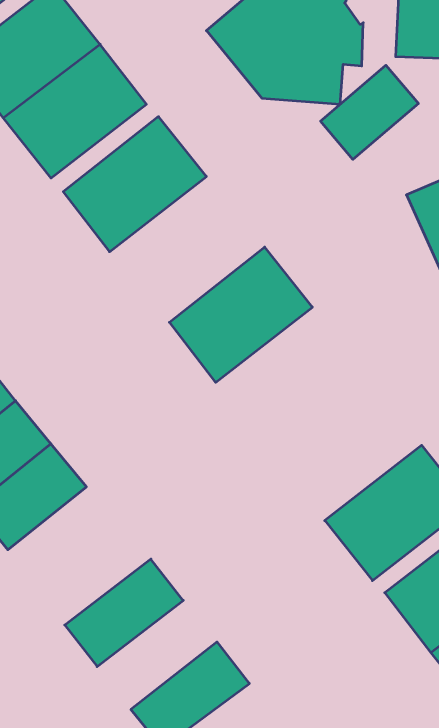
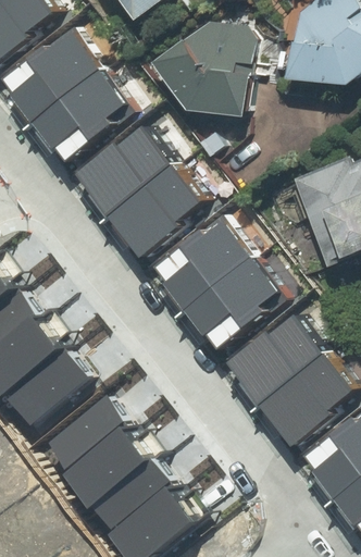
building: [321,65,418,159] -> none
building: none -> [101,161,202,257]
building: none -> [176,253,277,349]
building: none -> [221,309,322,405]
building: none -> [47,401,130,479]
building: none -> [92,461,177,539]

